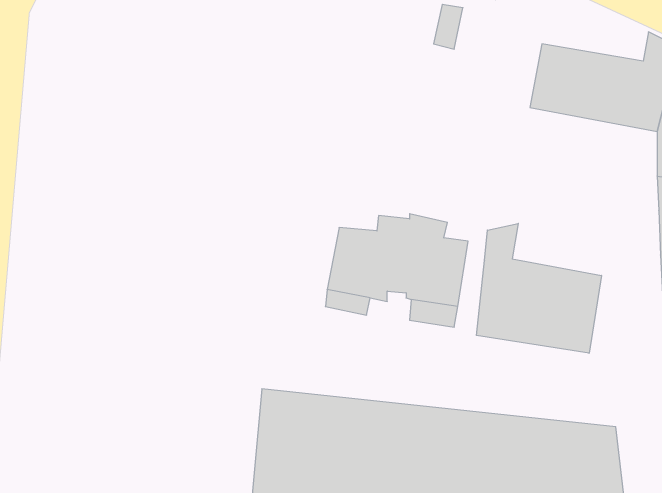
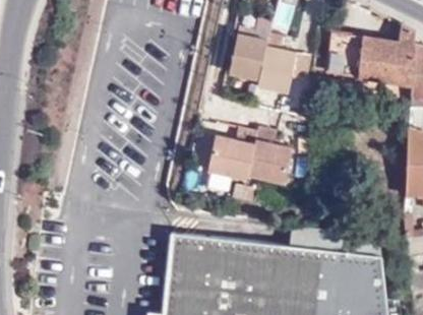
building: none -> [230,34,297,94]
building: [476,223,601,353] -> none

